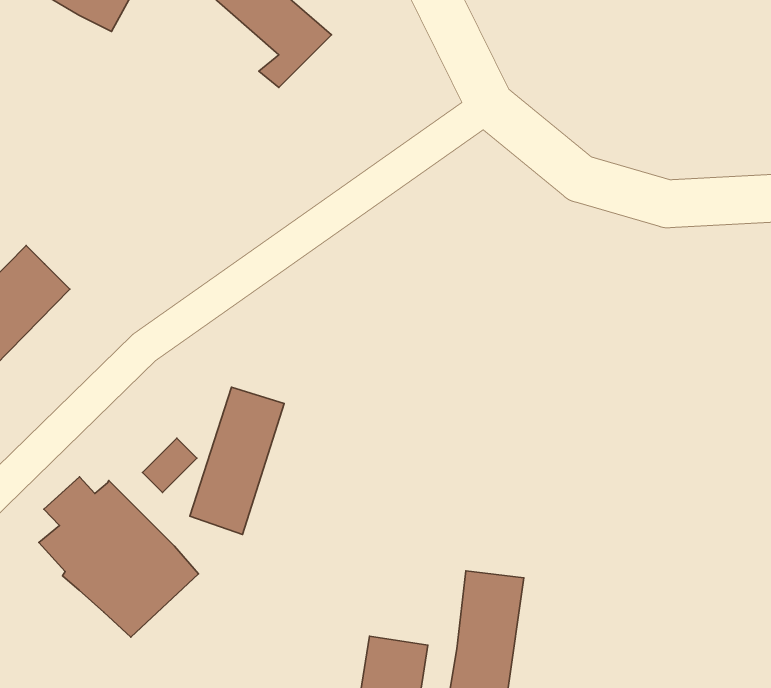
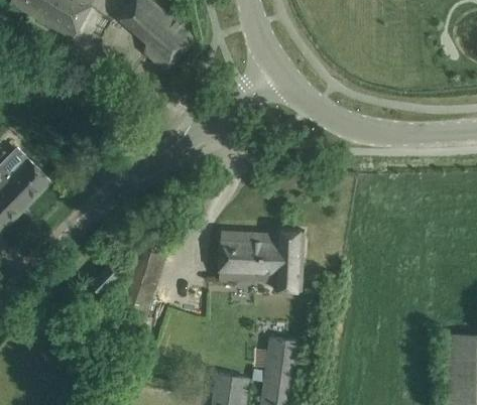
building: none -> [219,231,305,292]
building: [39,477,198,637] -> none

